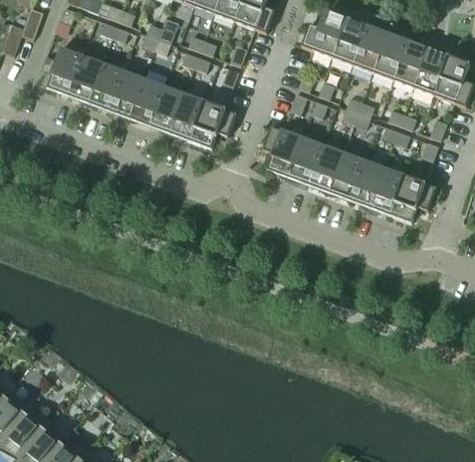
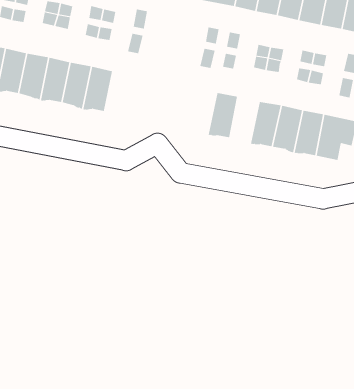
building: [191,101,237,148] -> none
building: [263,126,303,178] -> none
building: [309,145,343,193] -> none

